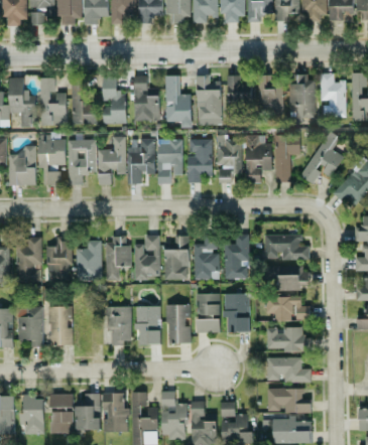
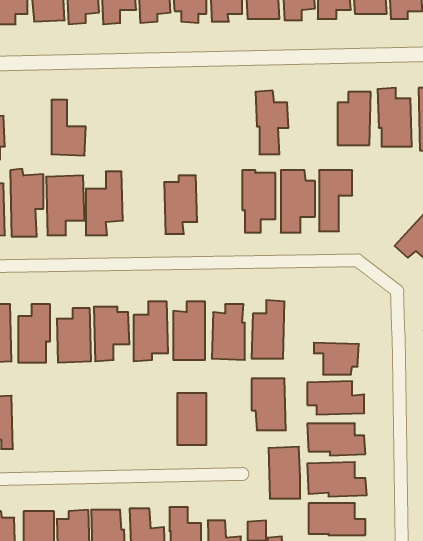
building: [133,75,159,120] -> none
building: [165,75,191,128] -> none
building: [197,76,222,125] -> none
building: [258,77,283,114] -> none
building: [40,78,67,125] -> none
building: [103,78,126,123] -> none
building: [301,130,343,183] -> none
building: [127,138,155,183] -> none
building: [188,138,212,182] -> none
building: [264,235,310,260] -> none
building: [196,293,220,332] -> [268,447,300,499]
building: [48,305,73,346] -> none
building: [109,306,131,345] -> none
building: [135,306,161,344] -> none

